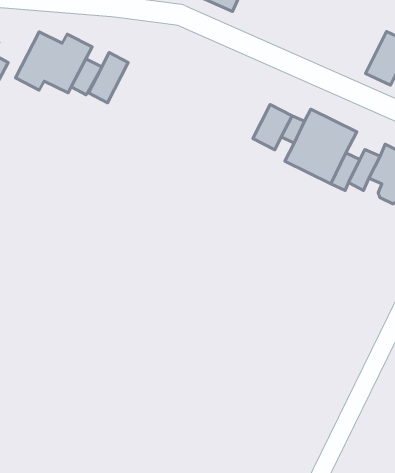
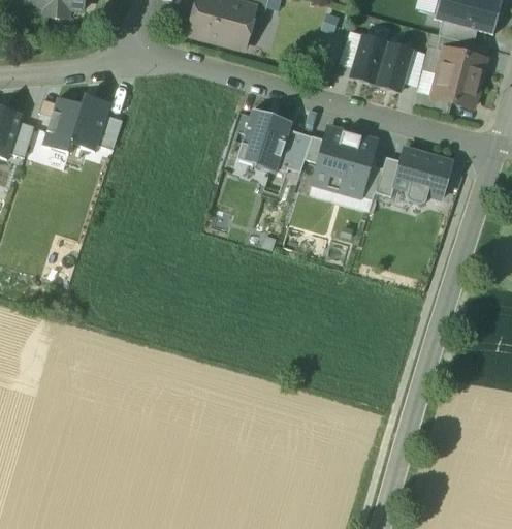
building: none -> [349,33,388,85]
building: [88,53,128,103] -> none
building: none -> [236,108,291,172]

